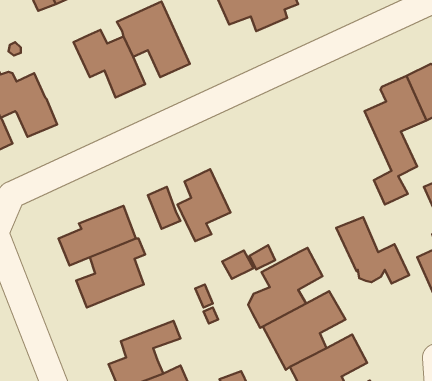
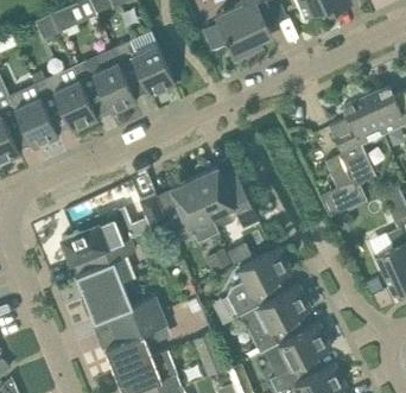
building: none -> [34,66,99,133]
building: [336,217,409,283] -> [194,169,258,227]
building: none -> [85,284,161,329]

